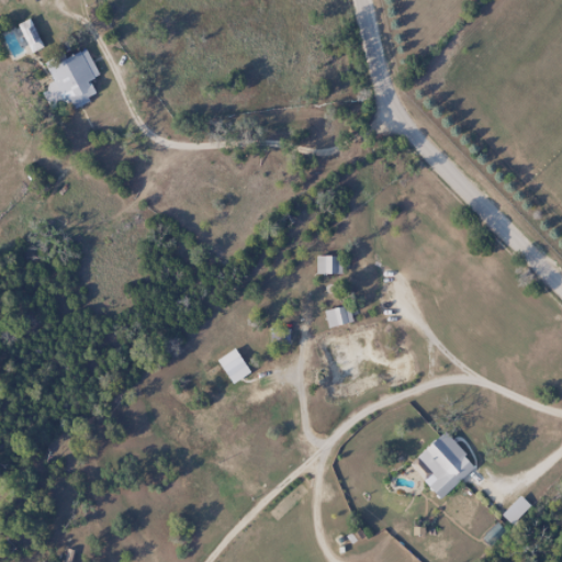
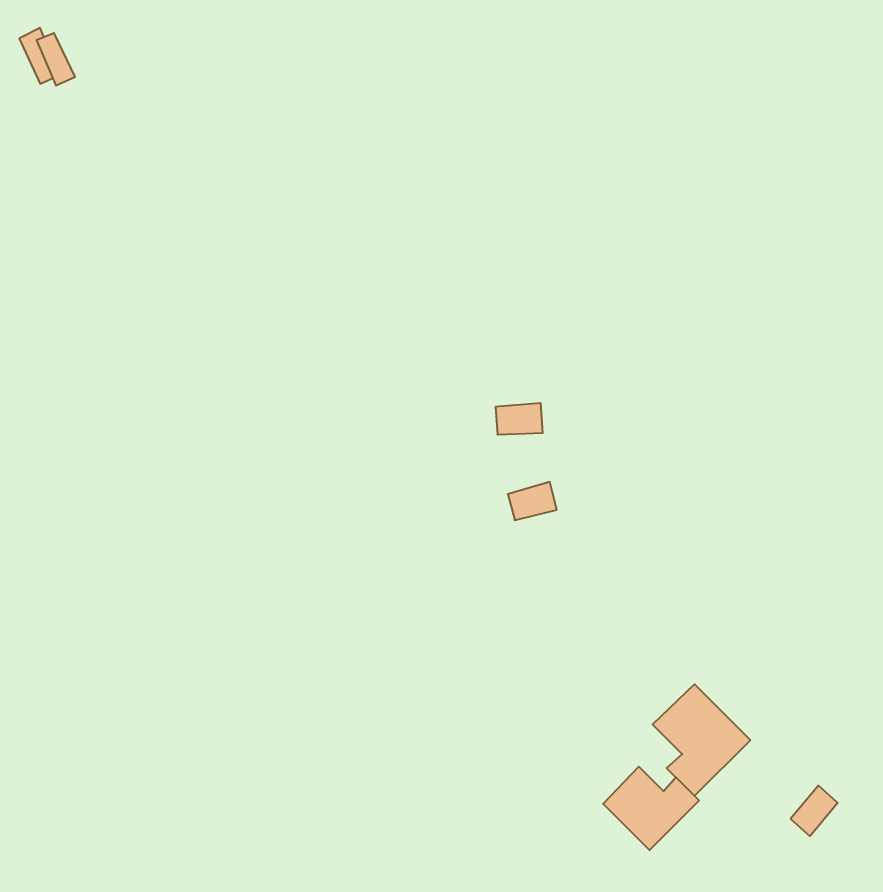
building: [44,47,99,114] -> none
building: [217,348,251,384] -> none
building: none -> [603,767,699,850]

